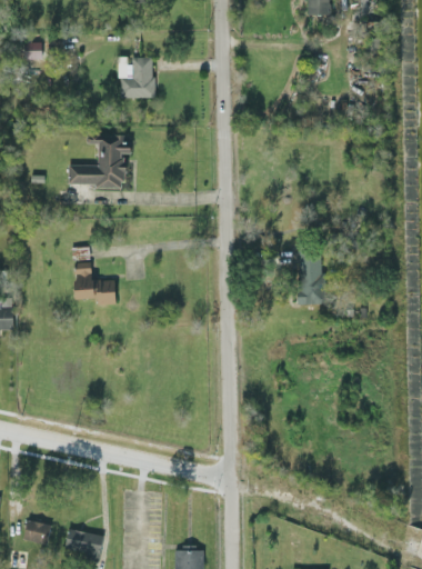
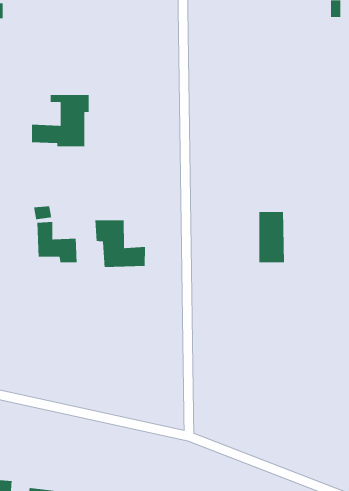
building: [120,57,154,98] -> none
building: none -> [94,219,146,268]

